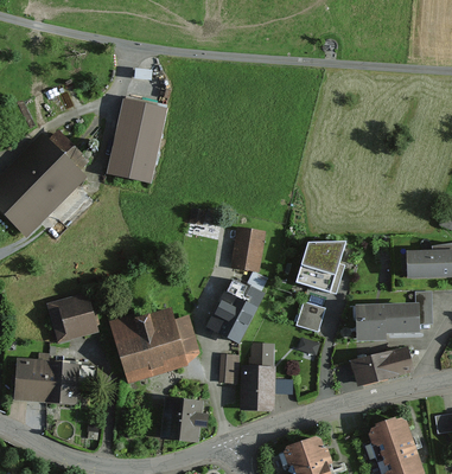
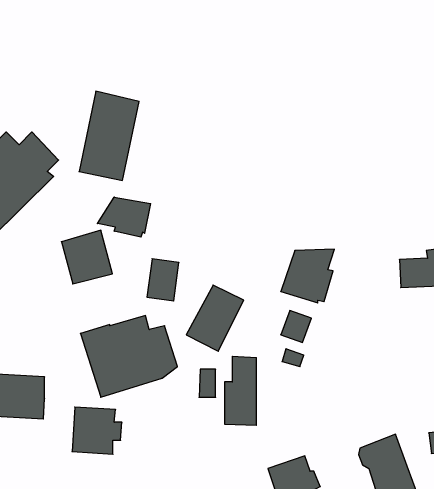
building: none -> [97,197,151,237]
building: [231,229,261,268] -> [147,259,179,301]
building: [356,290,431,344] -> none
building: [47,292,95,341] -> [61,230,112,284]
building: [350,346,414,386] -> none
building: [161,399,208,443] -> [72,407,122,454]

